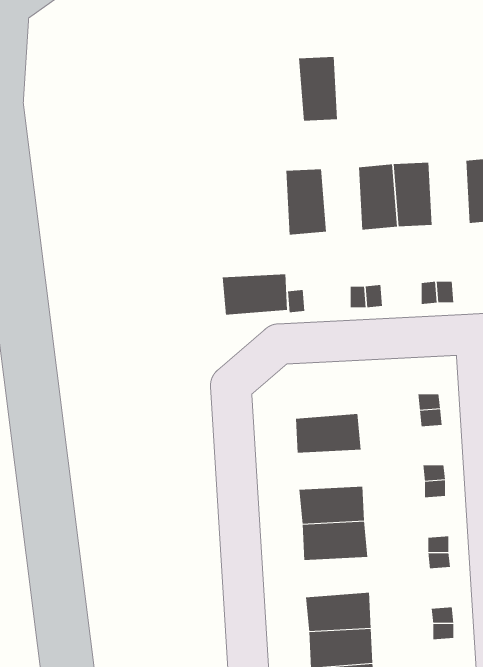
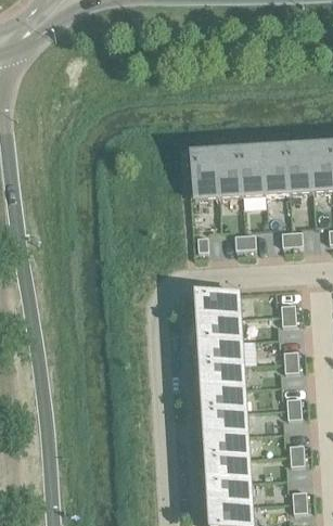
building: [298,57,338,121] -> [215,153,241,195]
building: none -> [285,149,311,191]
building: [222,274,288,315] -> [195,291,239,318]
building: none -> [198,338,242,364]
building: none -> [203,409,246,435]

